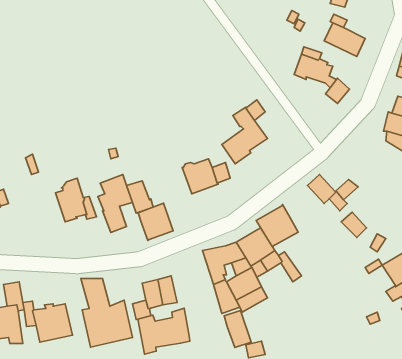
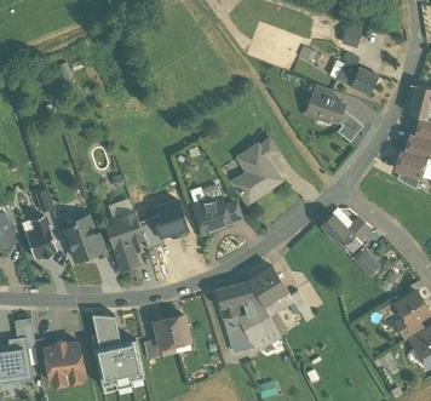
building: none -> [25,216,58,259]
building: [138,203,173,241] -> [151,200,186,237]
building: [256,205,298,247] -> none
building: [138,308,190,354] -> none
building: [224,311,251,347] -> none

